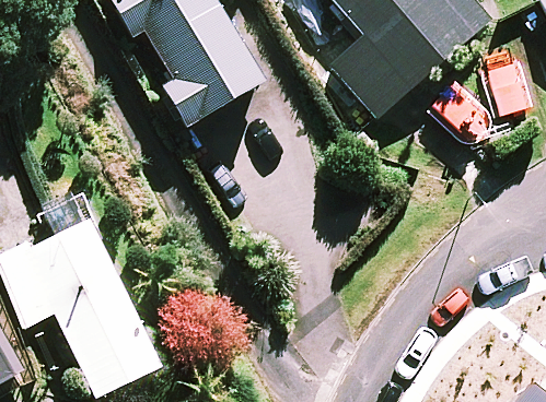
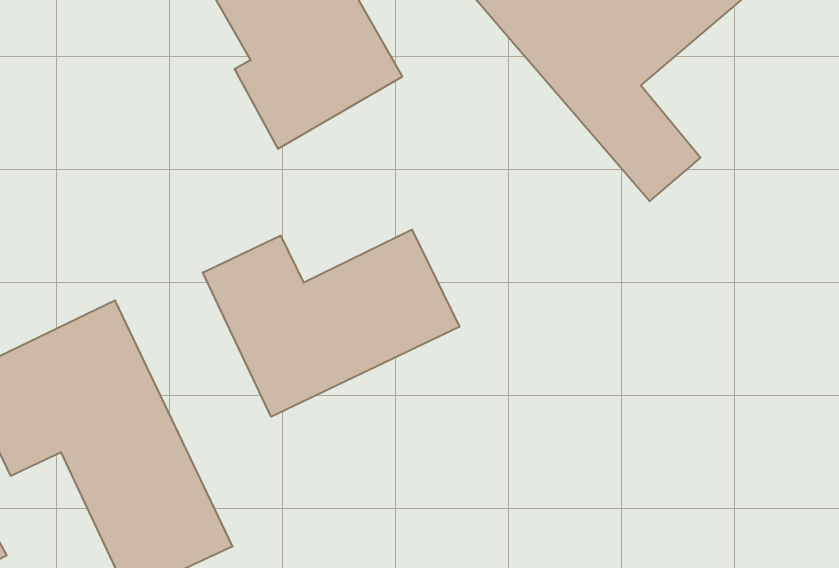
building: none -> [203,229,459,417]

